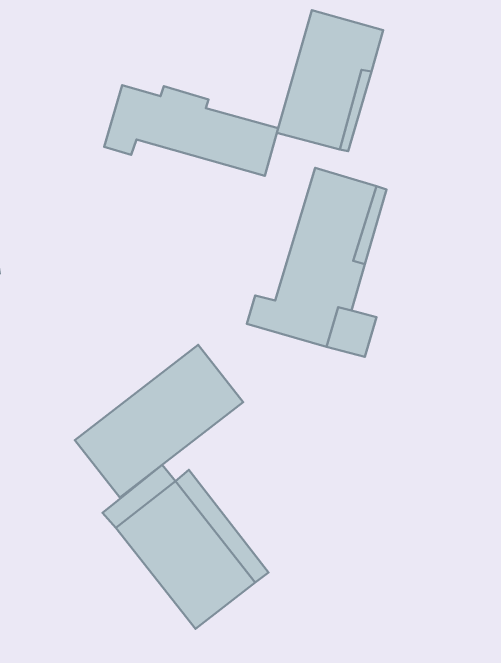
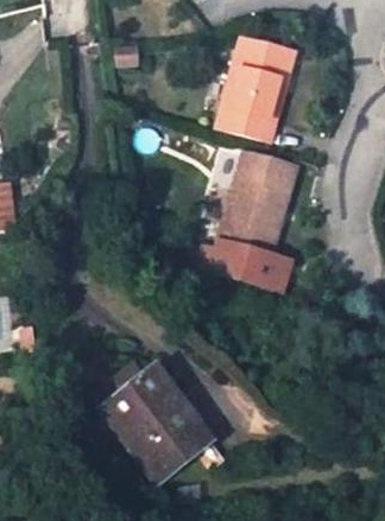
building: [104,85,278,176] -> none
building: [75,345,243,497] -> none

